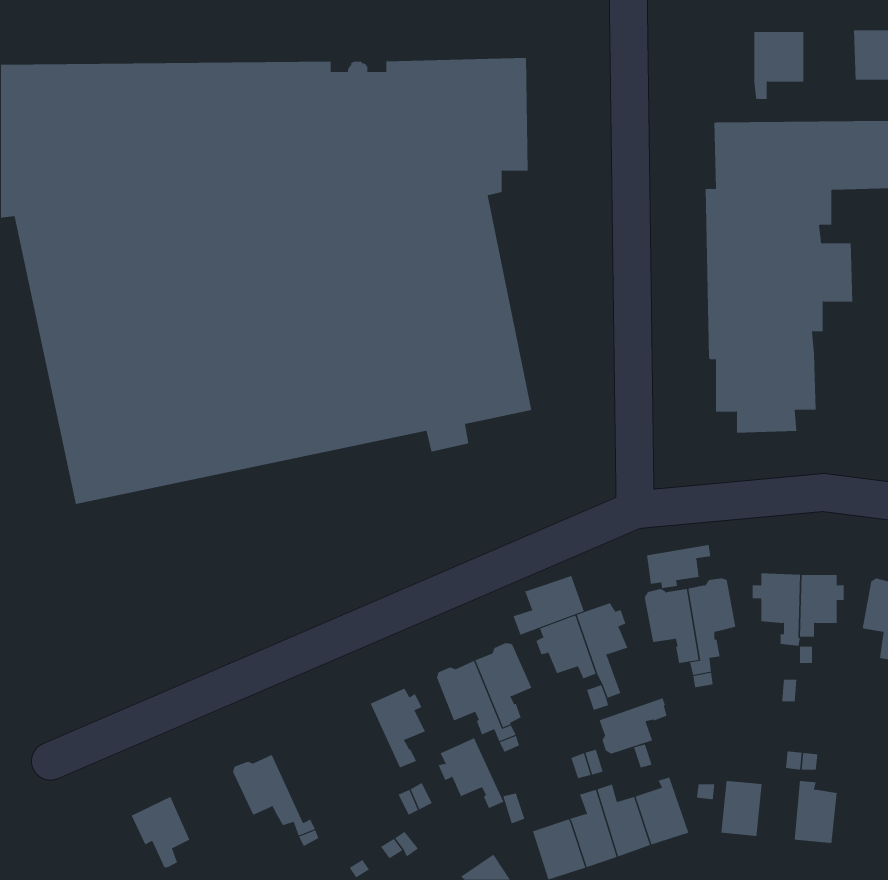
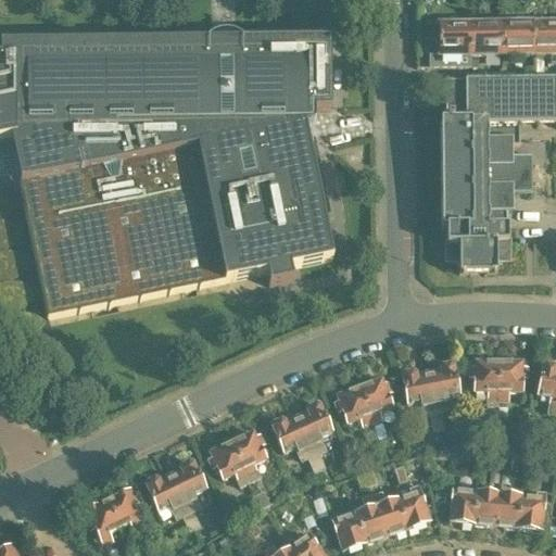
building: none -> [503,18,534,62]
building: none -> [440,20,471,52]
building: [646,544,711,589] -> none
building: [513,575,584,635] -> none
building: [599,697,667,755] -> none
building: none -> [172,457,207,511]
building: [438,737,504,809] -> [210,438,251,482]
building: none -> [109,484,144,527]
building: none -> [473,484,500,522]
building: none -> [520,489,546,527]

